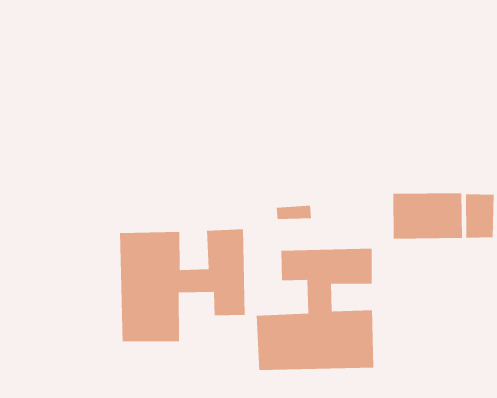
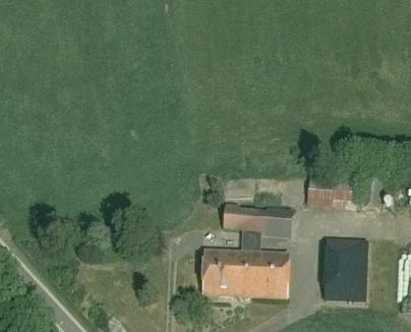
building: [119,228,246,342] -> none
building: none -> [321,240,369,298]

